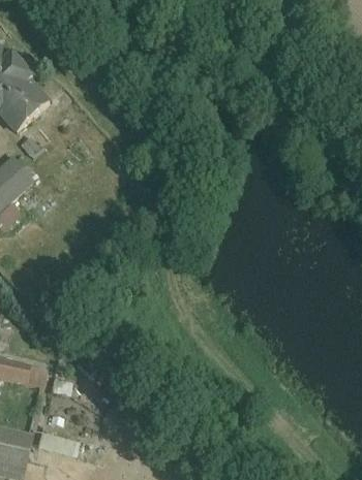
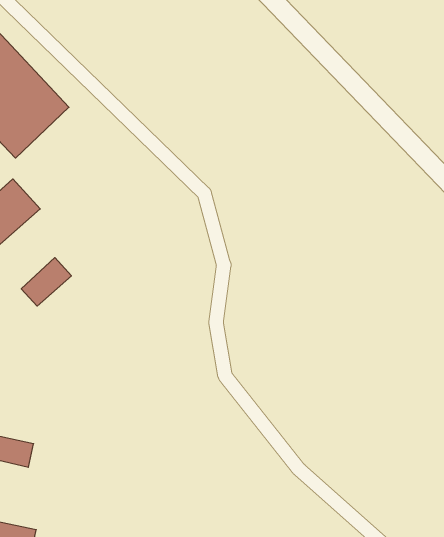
building: none -> [21,258,71,306]

